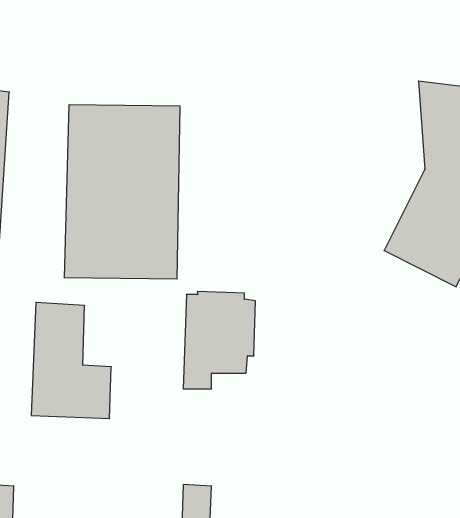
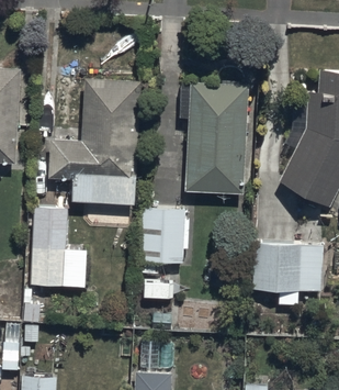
building: none -> [184,79,245,192]
building: none -> [251,244,321,310]

